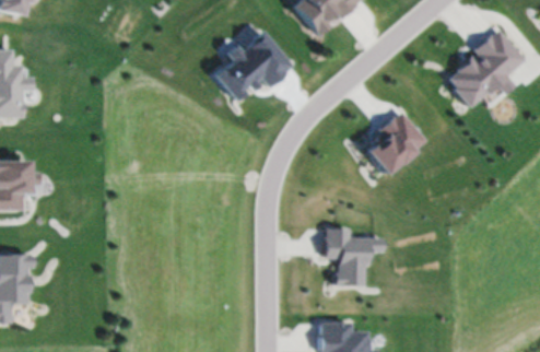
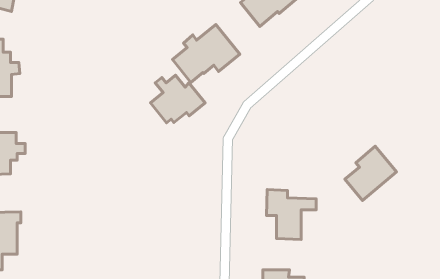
building: [446,28,525,106] -> none
building: none -> [150,75,205,123]
building: [364,110,425,175] -> [345,146,396,200]

